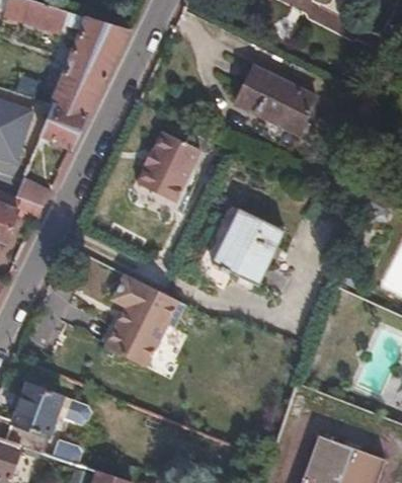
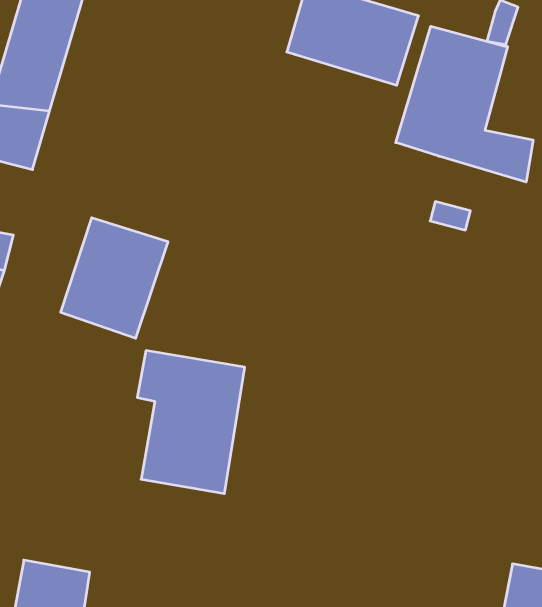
building: none -> [396,26,533,182]
building: [136,125,208,202] -> [61,218,168,338]
building: [212,212,283,287] -> none

